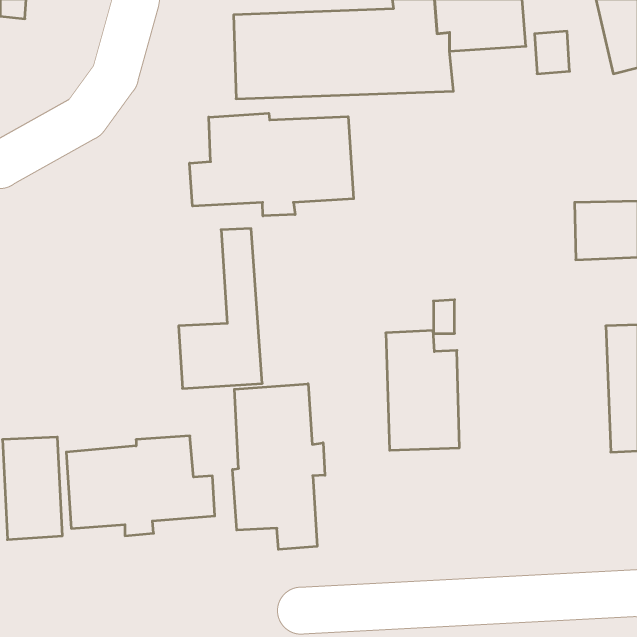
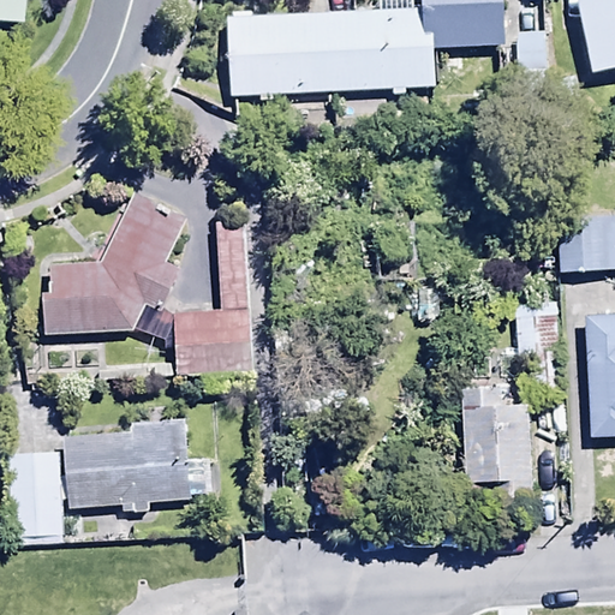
building: [190,113,354,216] -> none
building: none -> [42,193,185,340]
building: [386,330,459,450] -> [461,383,532,498]
building: [233,384,325,549] -> none

